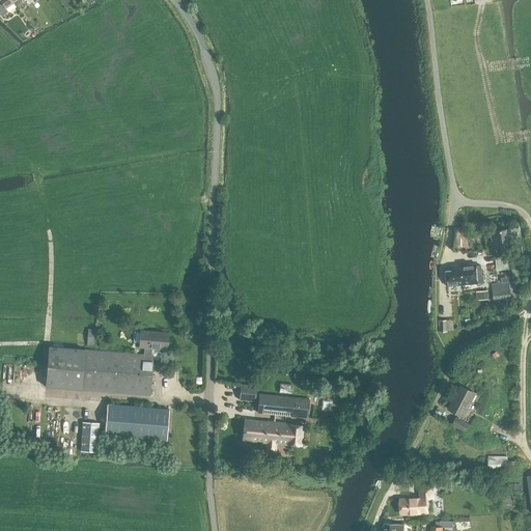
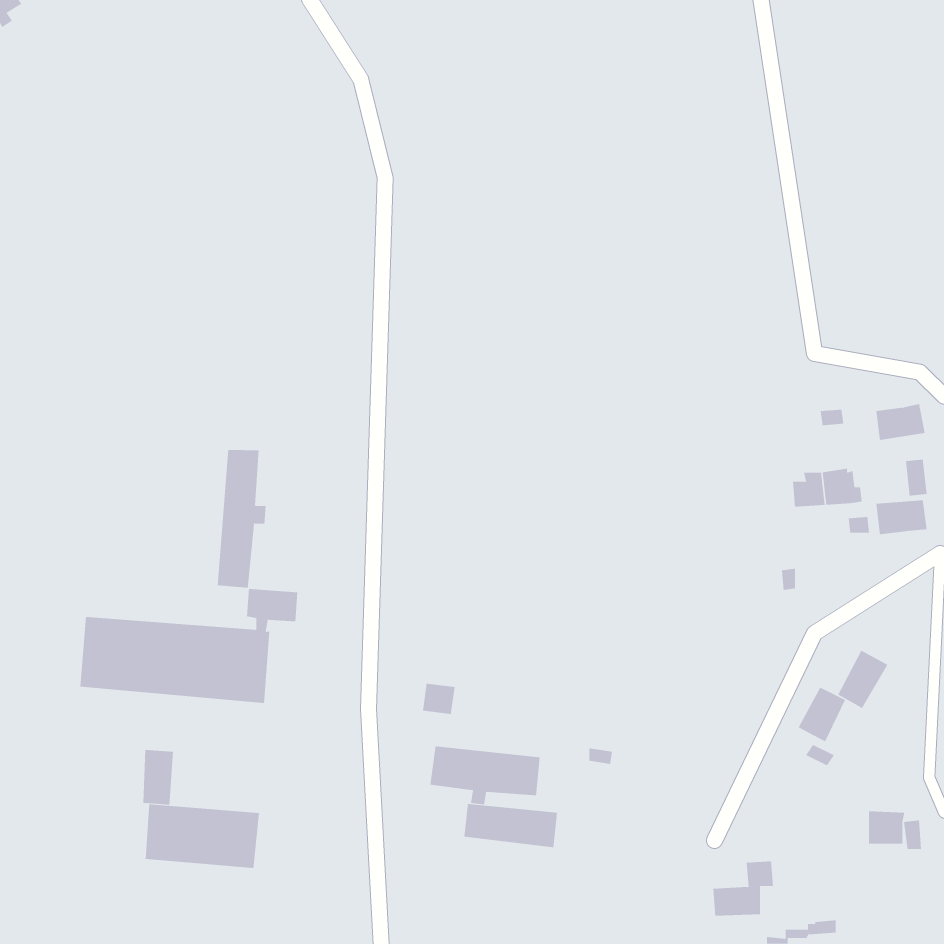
building: none -> [217,449,266,589]
building: none -> [838,650,888,709]
building: [255,392,308,417] -> [463,803,558,848]
building: [104,403,168,440] -> [145,804,260,869]

